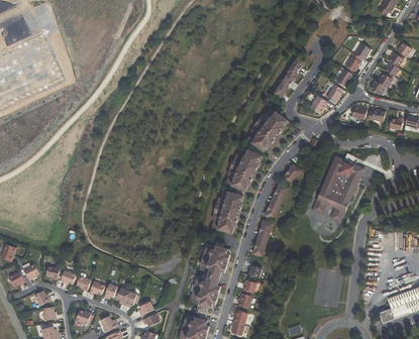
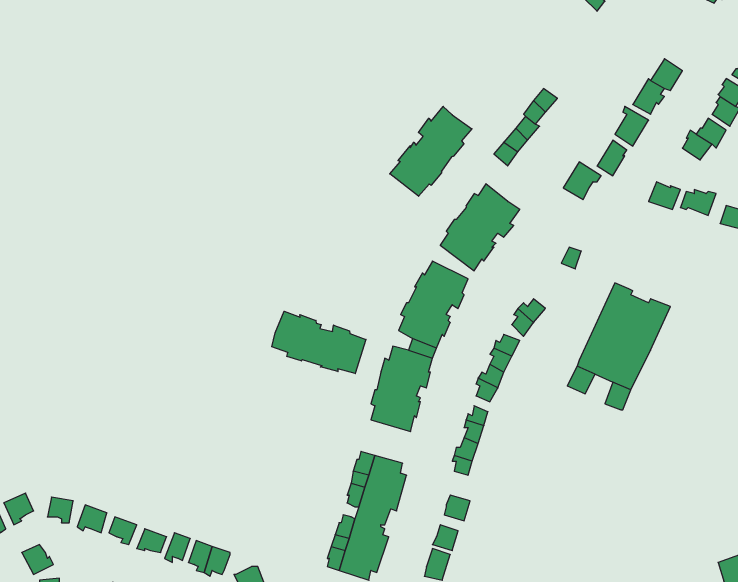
building: none -> [390,106,472,196]
building: none -> [272,311,366,374]

